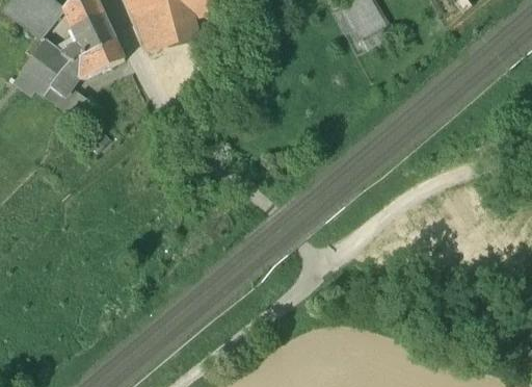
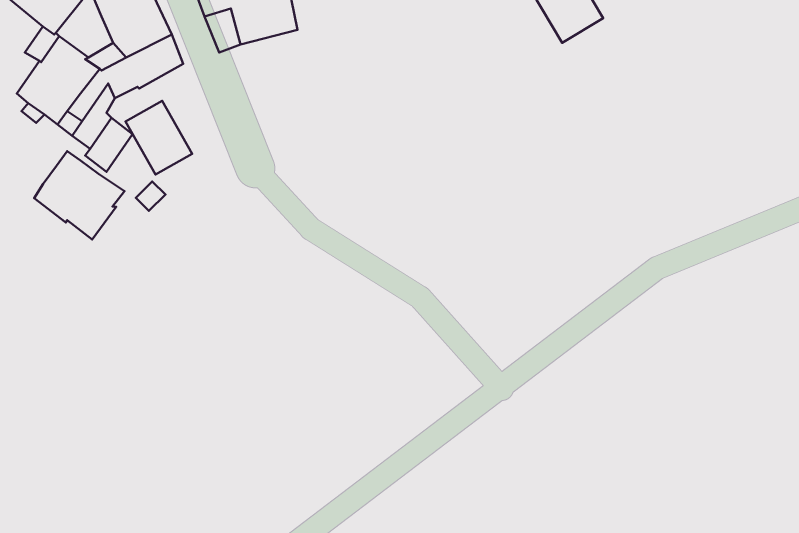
building: none -> [125,101,192,174]
building: none -> [34,151,125,240]

